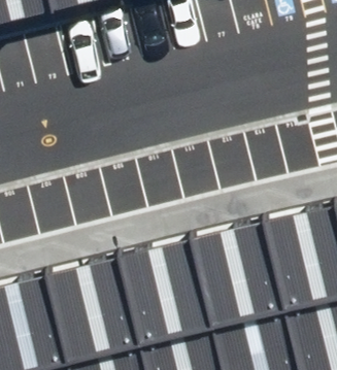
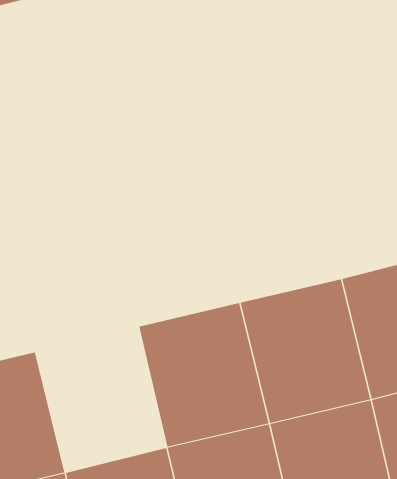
building: [47,254,143,361] -> none

